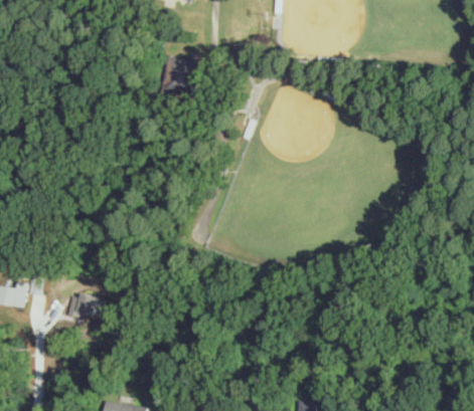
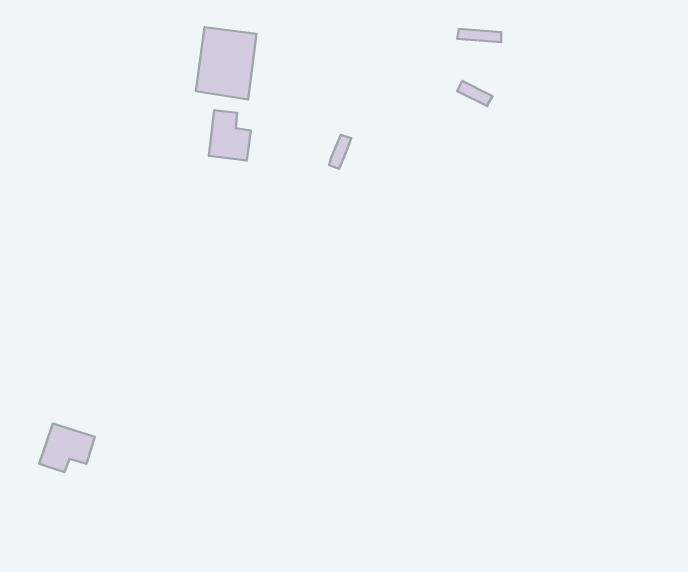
building: none -> [209,110,251,161]

